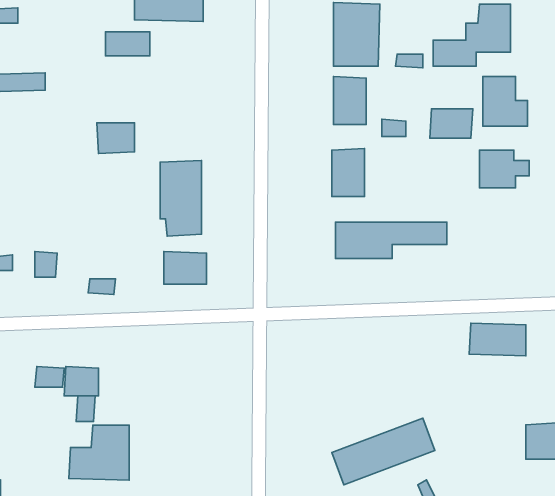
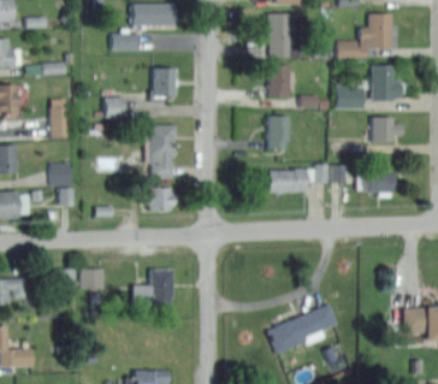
building: none -> [155,67,177,99]
building: none -> [49,99,69,138]
building: none -> [48,164,72,185]
building: [469,323,526,356] -> [357,170,397,193]
building: [69,425,129,480] -> [132,270,174,308]

